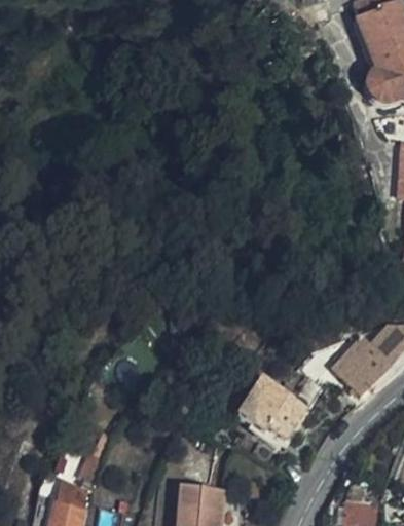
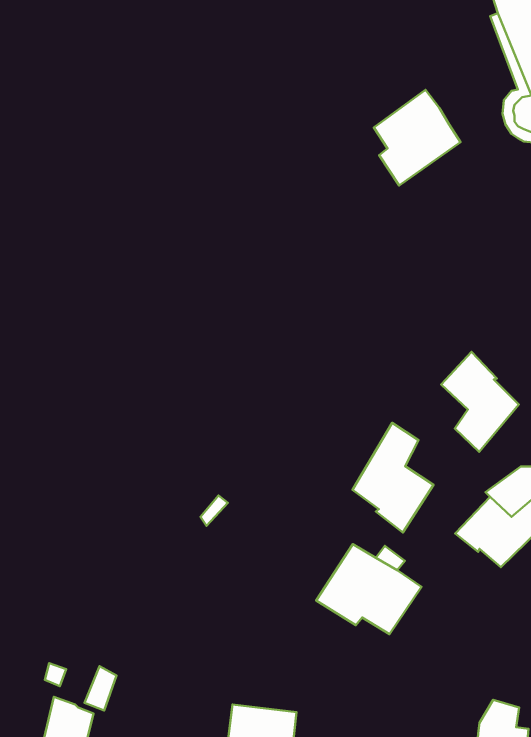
building: none -> [374,90,460,186]
building: none -> [441,352,519,452]
building: none -> [352,423,433,532]

